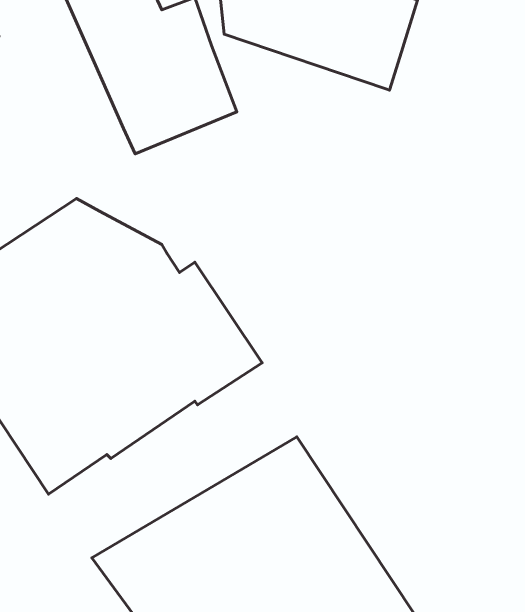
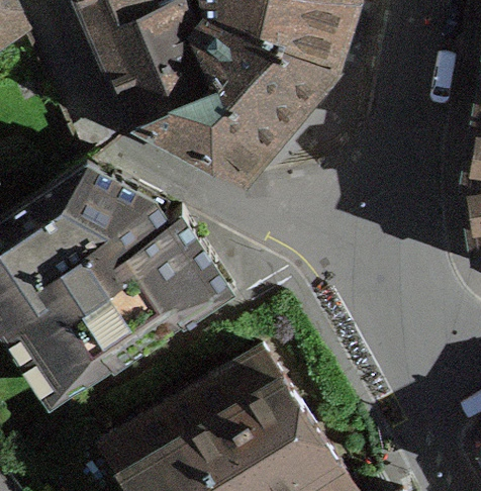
building: none -> [134,28,333,182]

